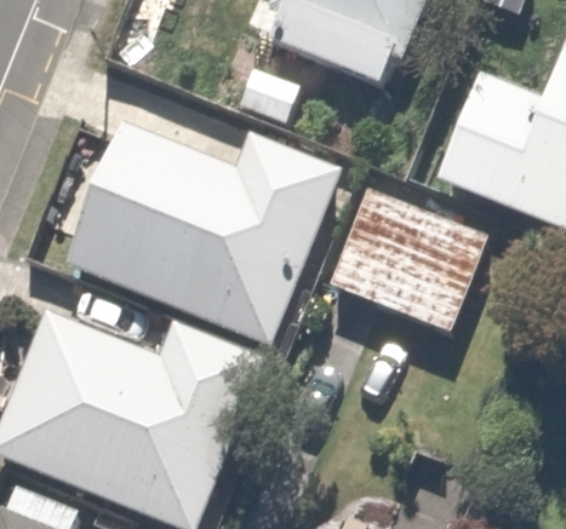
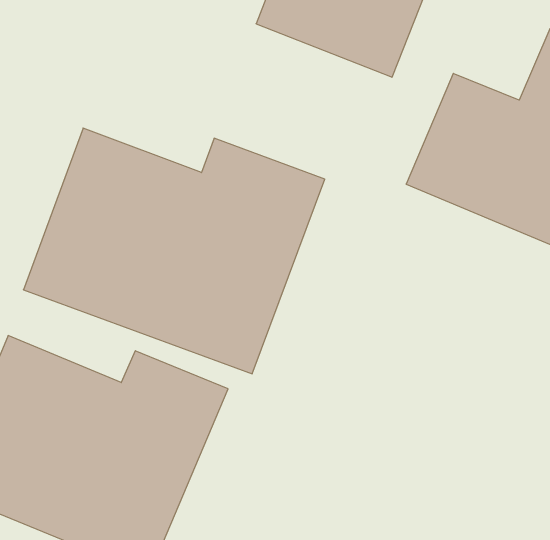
building: [327,199,487,339] -> none

